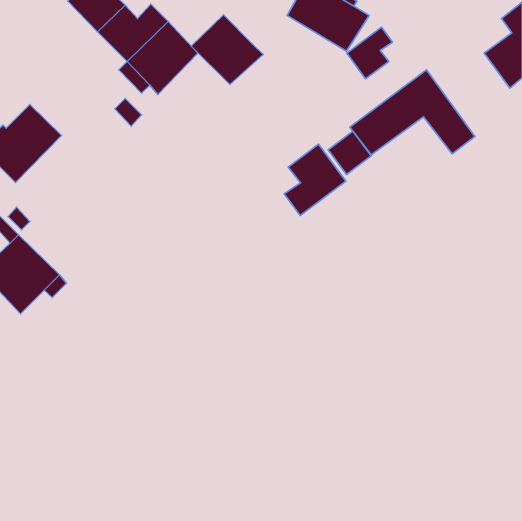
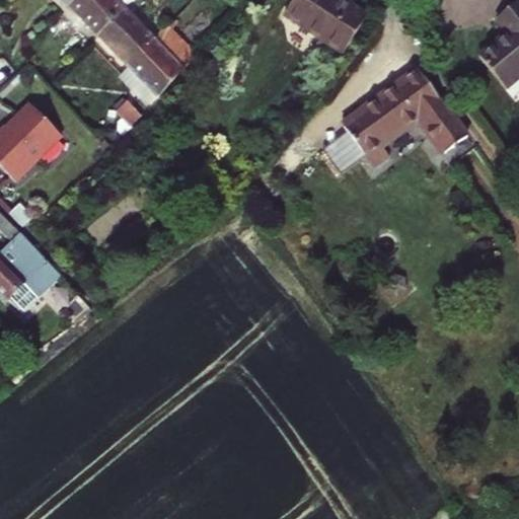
building: [191,15,263,85] -> none
building: [347,27,393,79] -> none
building: [284,144,346,216] -> none

